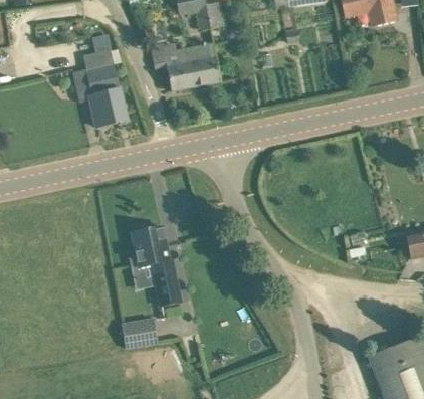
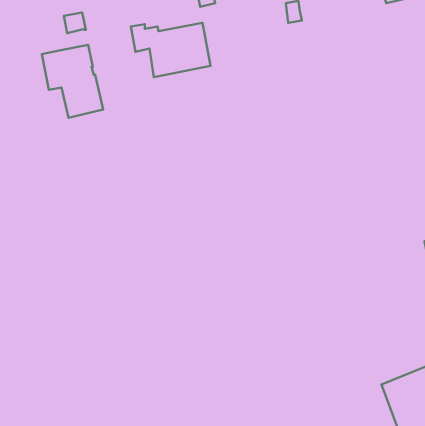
building: [129,226,180,309] -> none
building: [123,320,159,348] -> none

